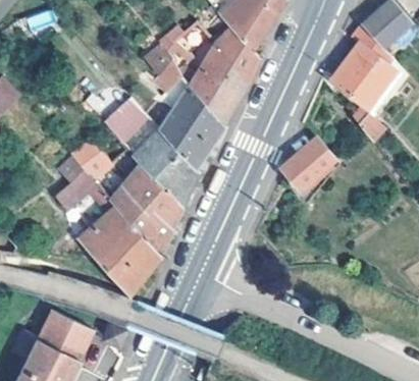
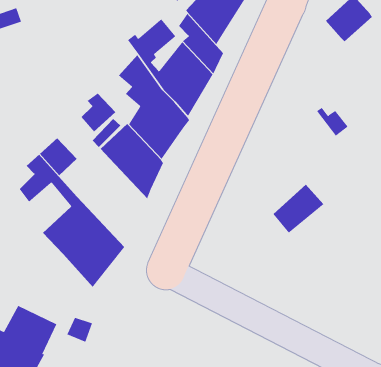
building: [332,25,396,106] -> none
building: [282,137,334,186] -> [272,184,324,234]
building: [113,164,184,253] -> none

